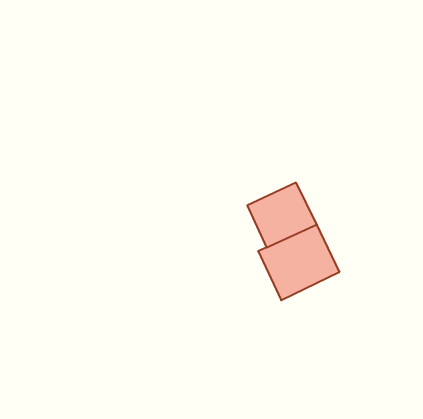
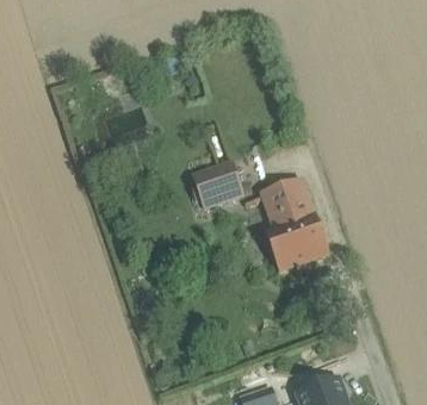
building: none -> [193,161,243,205]

